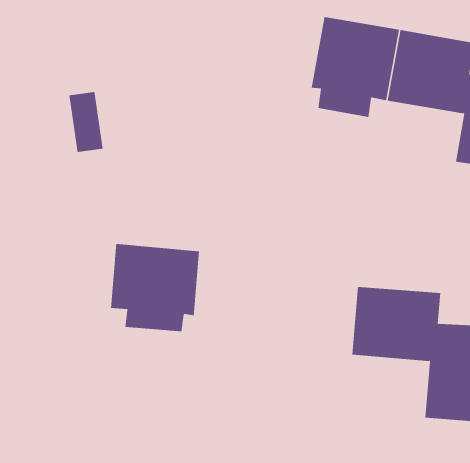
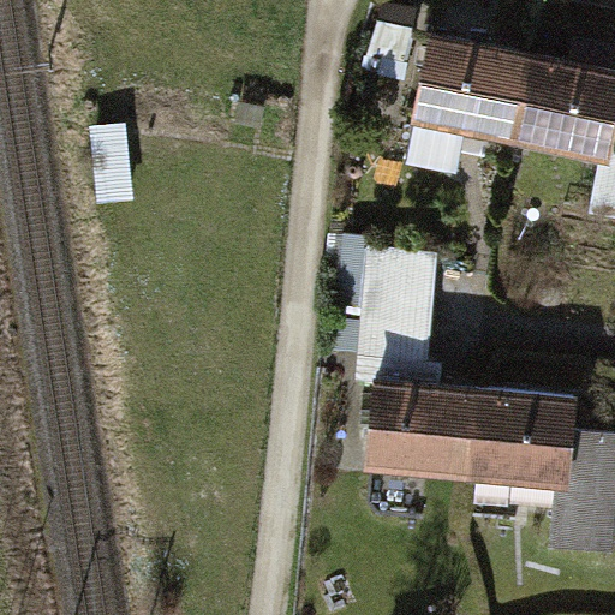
building: none -> [356,252,467,473]
building: [111,243,200,332] -> none

